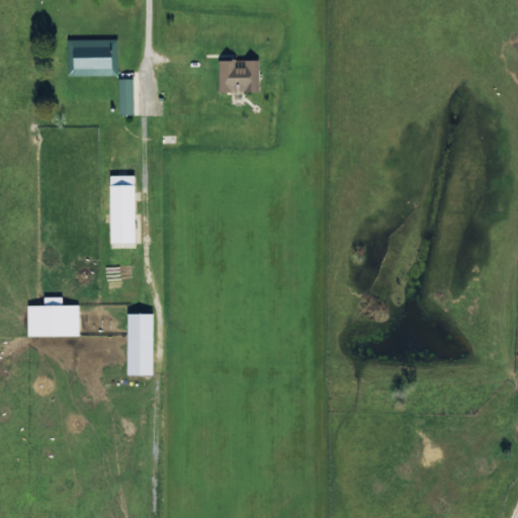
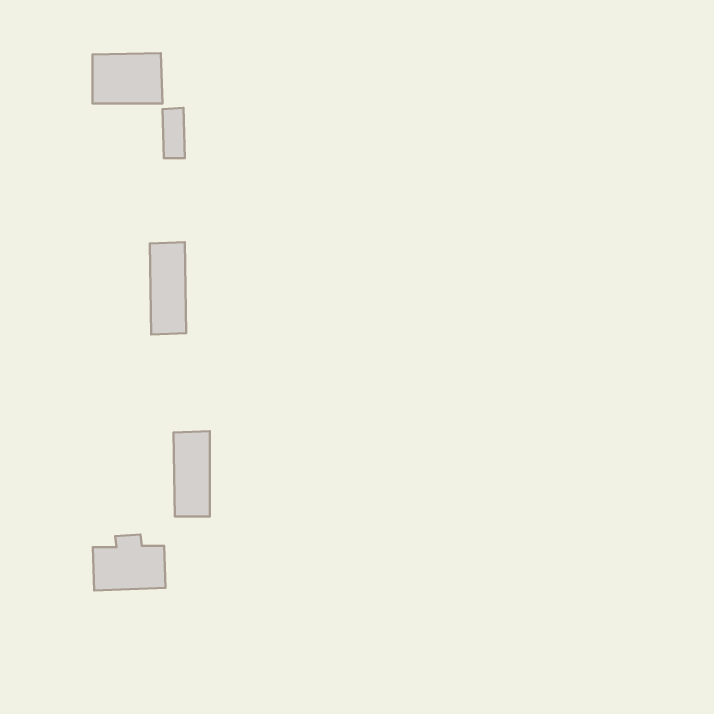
building: [219,61,259,93] -> none
building: [27,296,80,337] -> [93,535,166,591]

